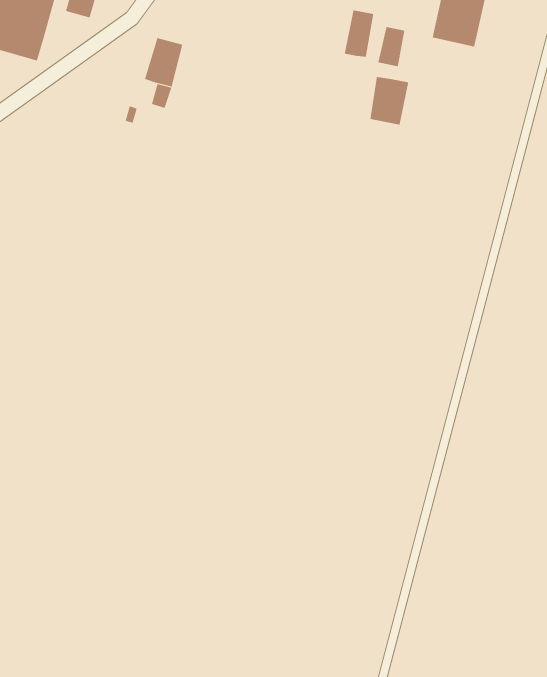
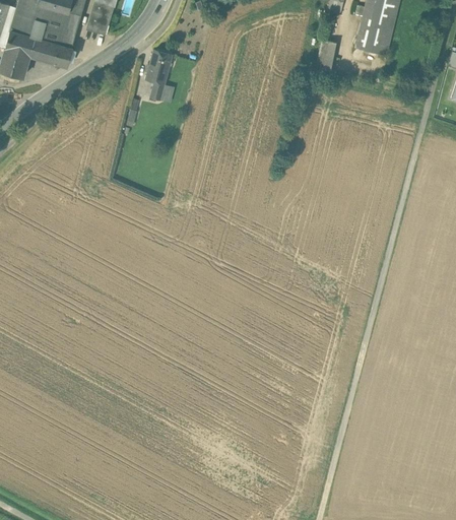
building: [344,9,374,57] -> none
building: [370,76,409,125] -> none

